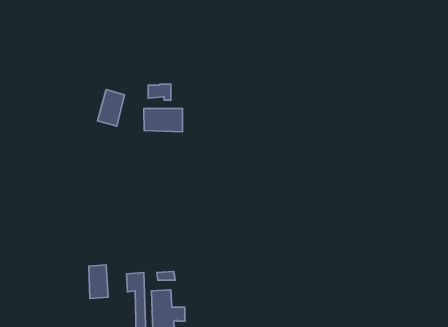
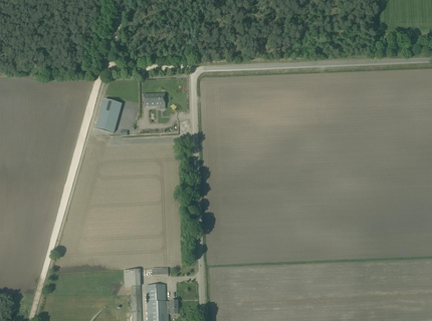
building: [144,108,182,132] -> none
building: [89,265,108,298] -> none

